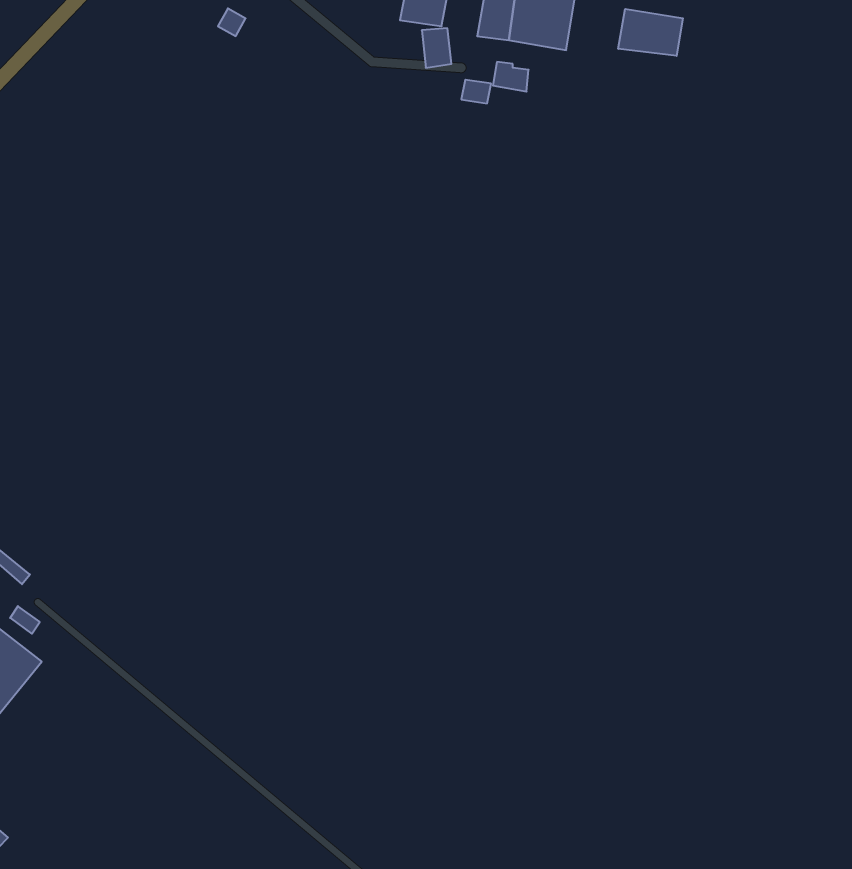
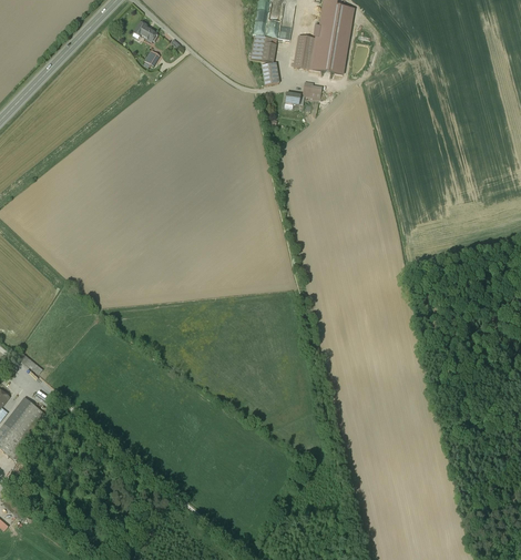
building: [618,9,683,56] -> none

